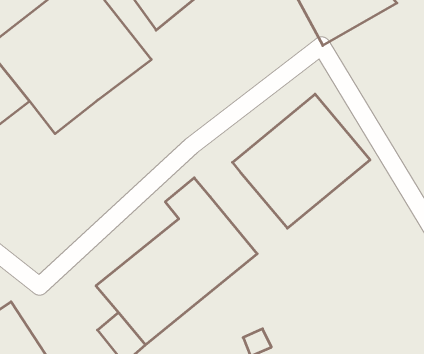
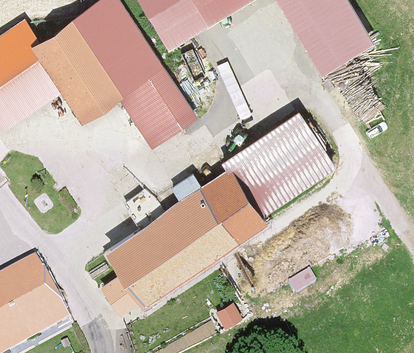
building: none -> [117,69,198,150]
building: none -> [204,170,266,239]

